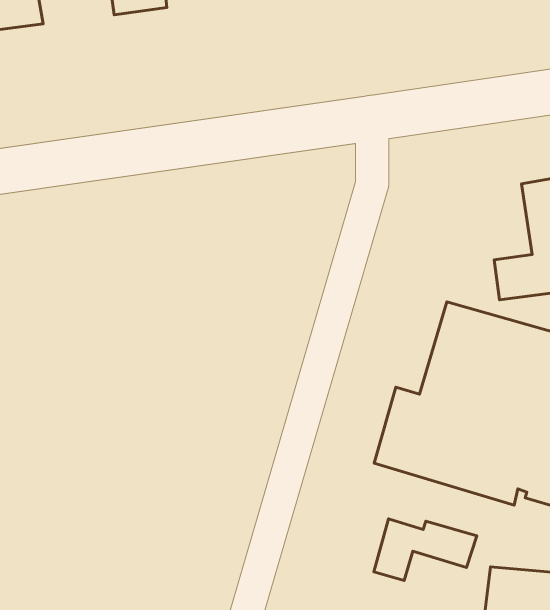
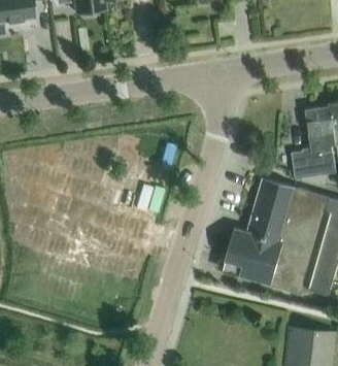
building: [374,519,477,581] -> none

